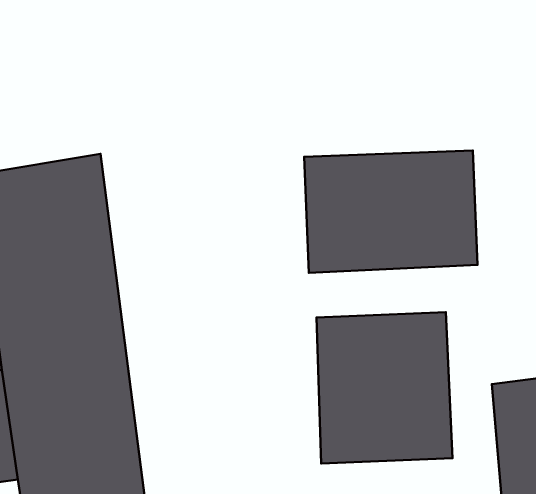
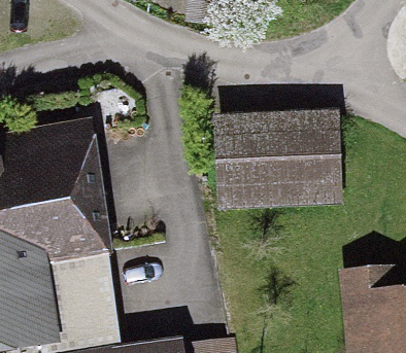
building: [316,312,452,464] -> none

